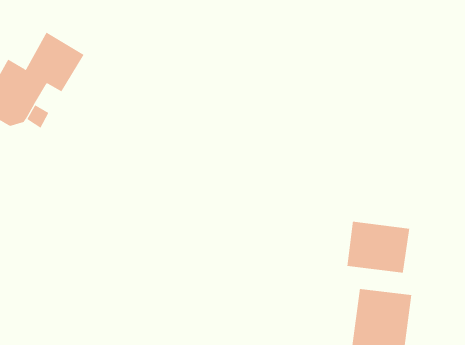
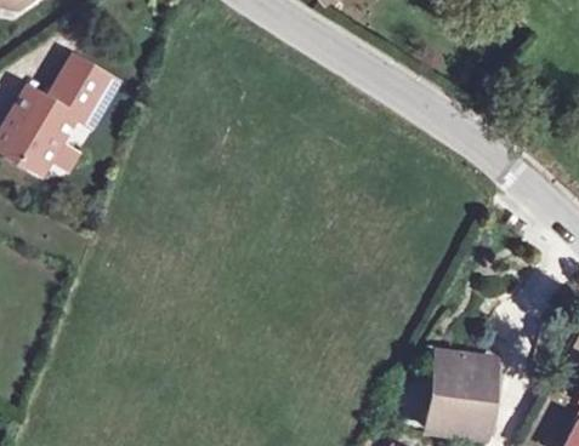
building: [347,221,410,274] -> none

